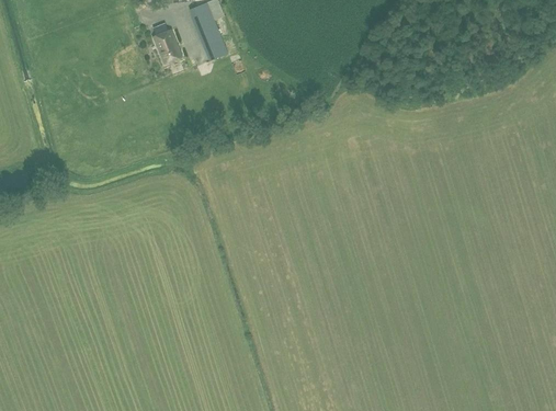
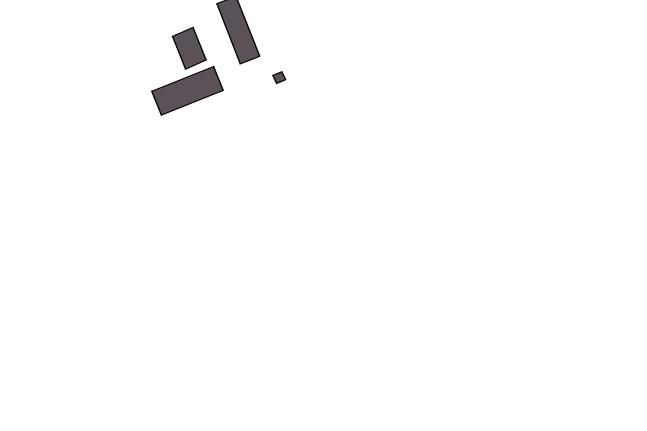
building: none -> [152,66,223,115]

